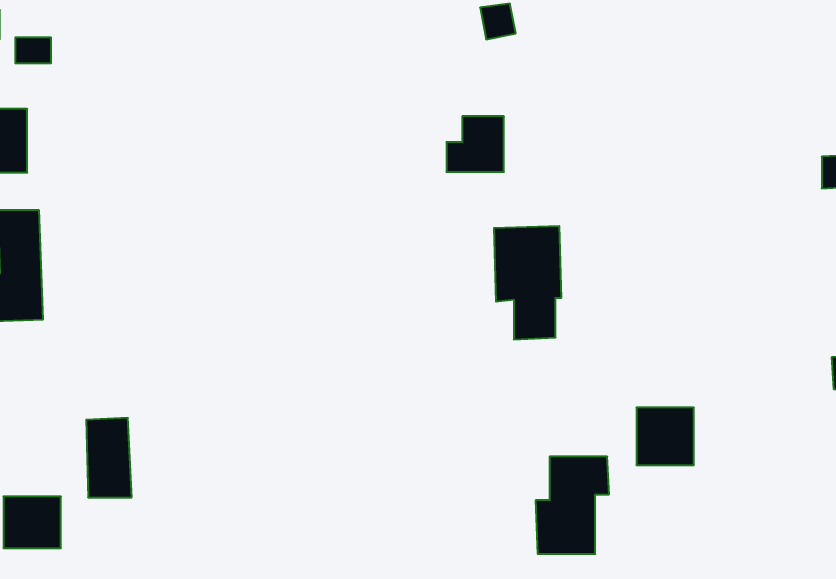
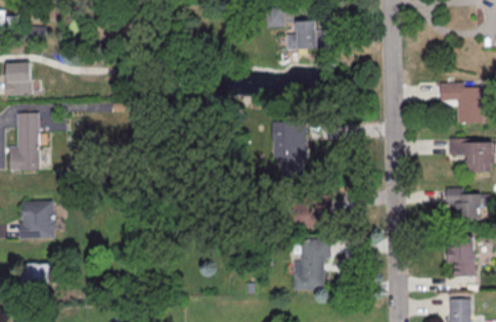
building: [446,116,504,172] -> [287,19,317,48]
building: [636,408,694,465] -> [298,196,327,226]
building: [86,418,132,497] -> [22,202,46,243]

